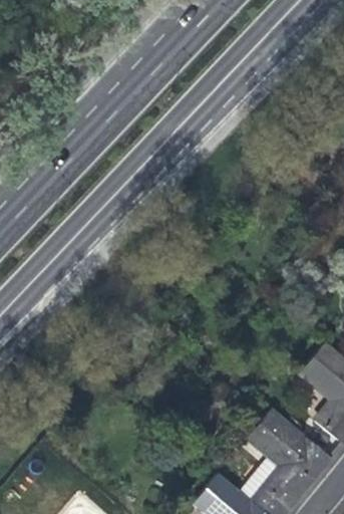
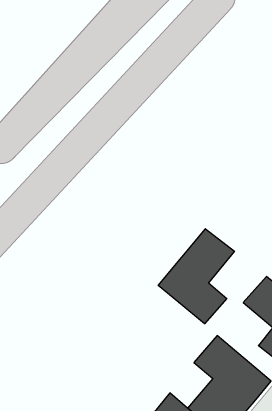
building: none -> [158,229,234,324]

